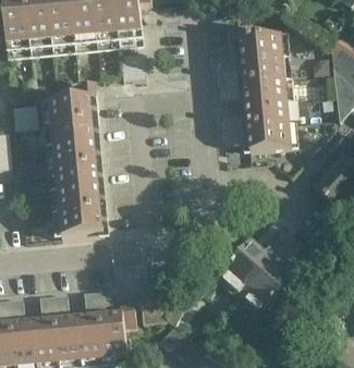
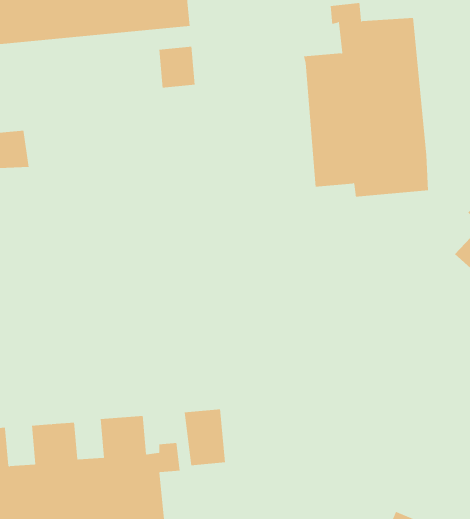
building: [49,85,103,238] -> none
building: [217,225,304,316] -> none

